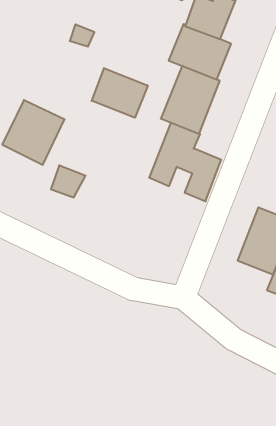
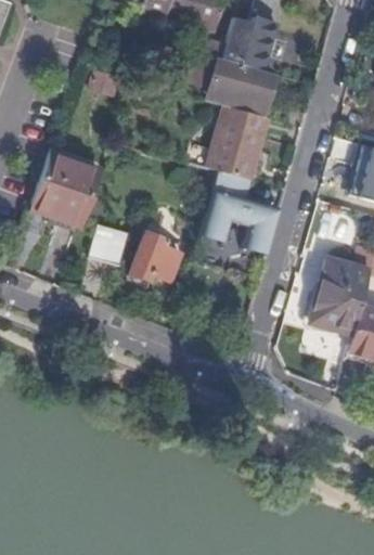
building: [92,68,148,118] -> none
building: none -> [131,231,182,280]

